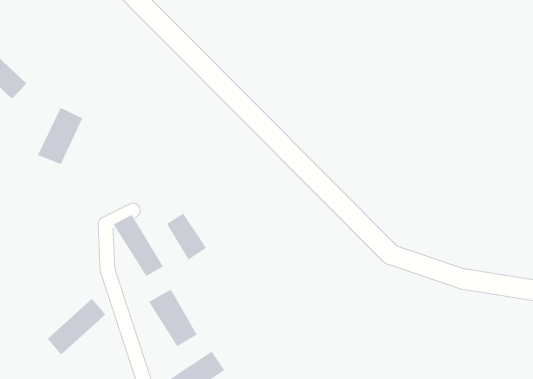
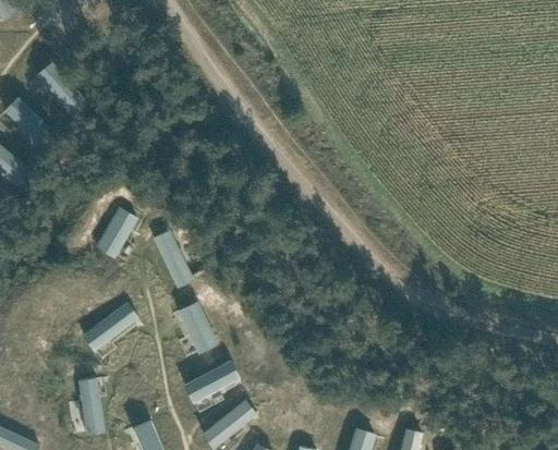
building: [37,107,83,165] -> [94,206,138,258]
building: [166,213,207,260] -> none

